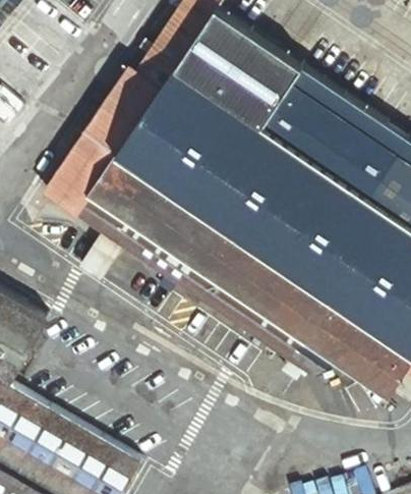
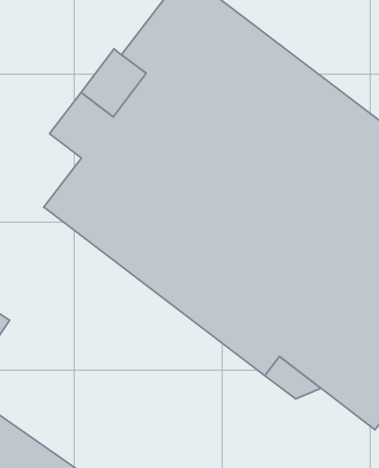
building: [46,148,108,215] -> none

